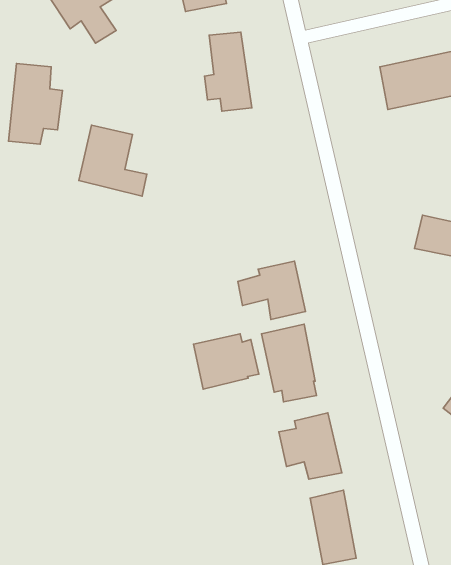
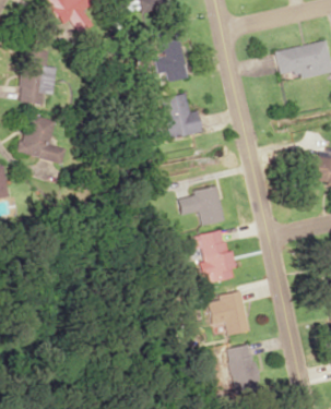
building: [79,125,147,196] -> [20,115,67,164]
building: none -> [162,94,202,139]
building: [194,334,259,389] -> none

